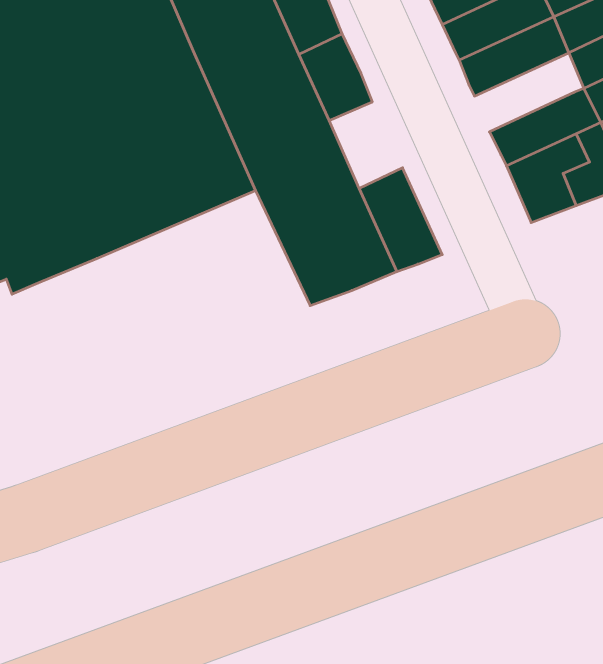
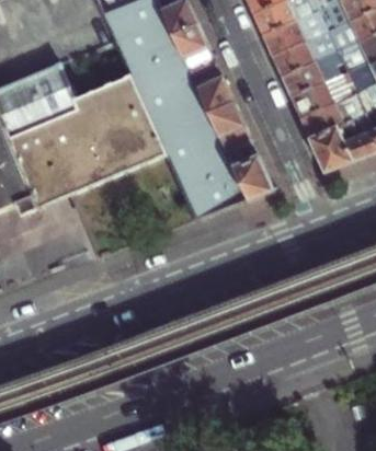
building: none -> [290,72,354,118]
building: none -> [206,101,249,151]

